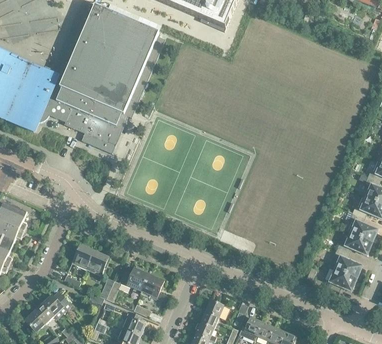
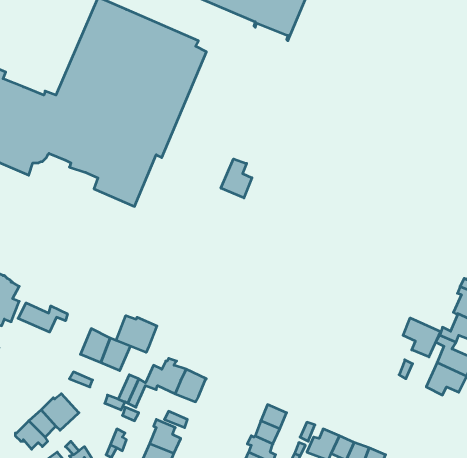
building: none -> [221,159,252,198]
building: none -> [18,303,67,332]
building: none -> [116,316,157,352]
building: none -> [403,318,441,357]

